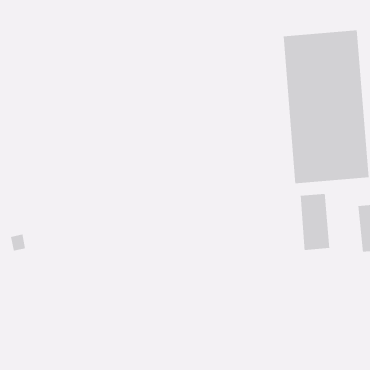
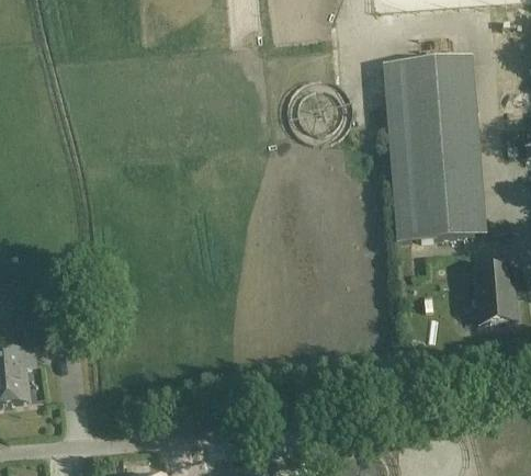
building: [300,193,330,251] -> none

